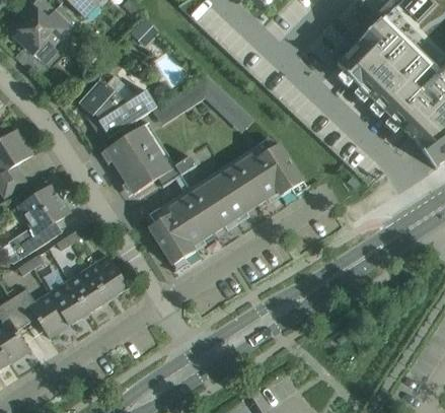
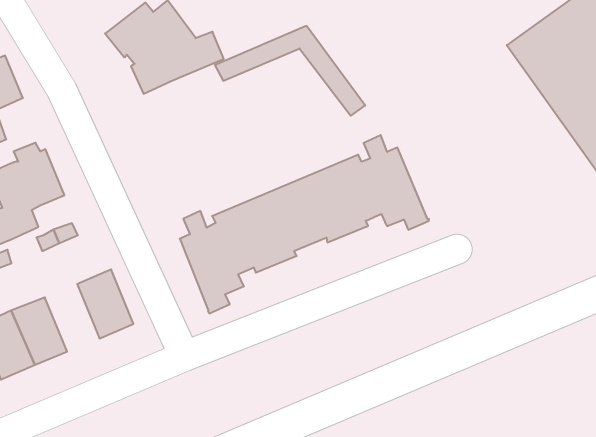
building: [105,123,197,194] -> none
building: [69,268,108,313] -> none

